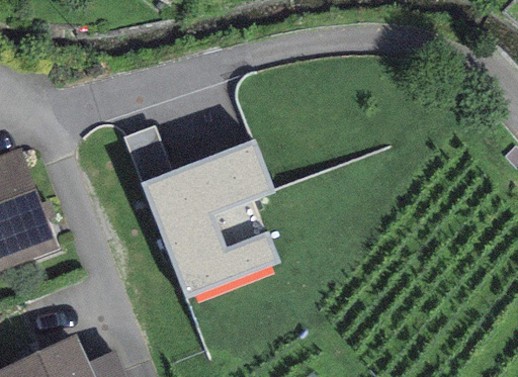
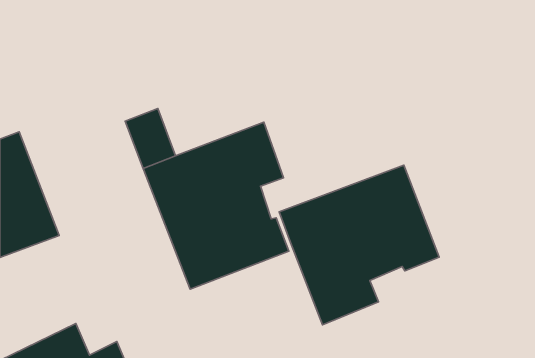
building: none -> [279,165,439,325]

